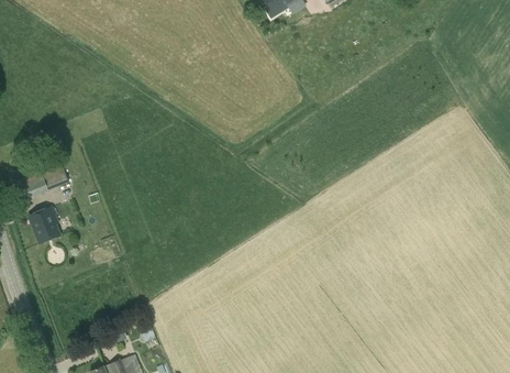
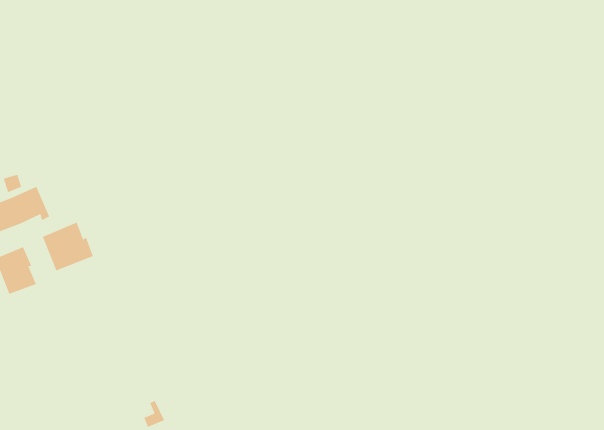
building: none -> [42,222,94,272]

